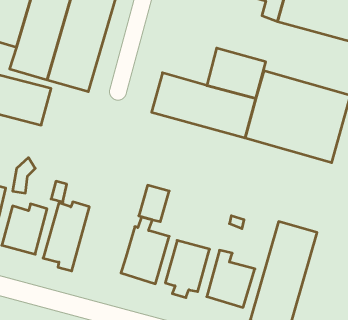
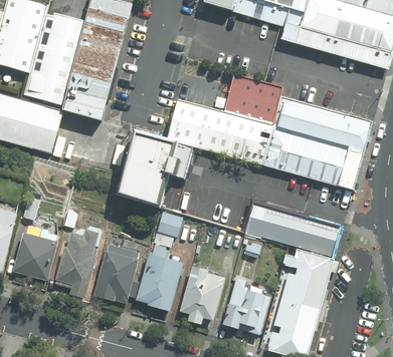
building: none -> [118,133,191,206]
building: none -> [245,203,340,256]
building: none -> [91,244,140,306]

